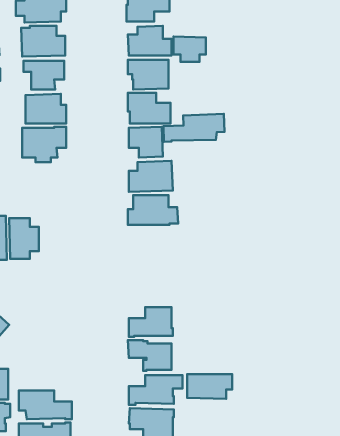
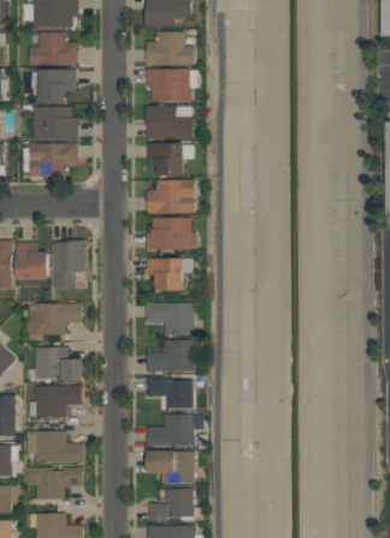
building: [173,37,206,62] -> none
building: [163,114,224,142] -> none
building: none -> [53,240,85,288]
building: none -> [147,258,193,290]
building: none -> [26,302,82,335]
building: none -> [146,302,195,333]
building: none -> [29,348,82,380]
building: none -> [29,384,82,416]
building: [187,374,232,399] -> none

